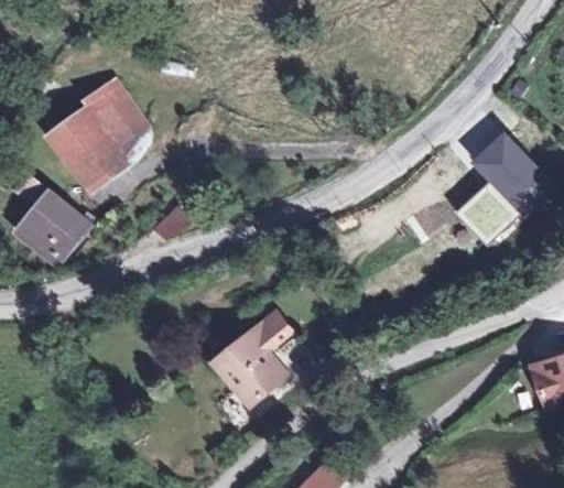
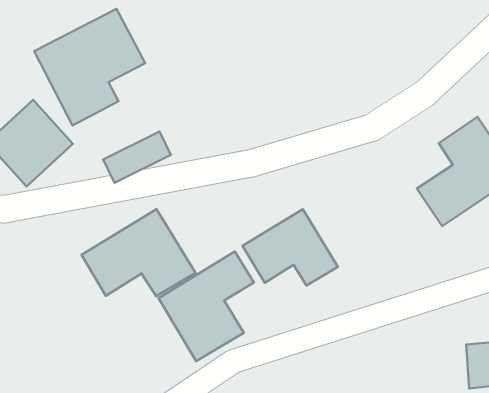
building: none -> [243,209,338,286]
building: none -> [81,209,195,296]

